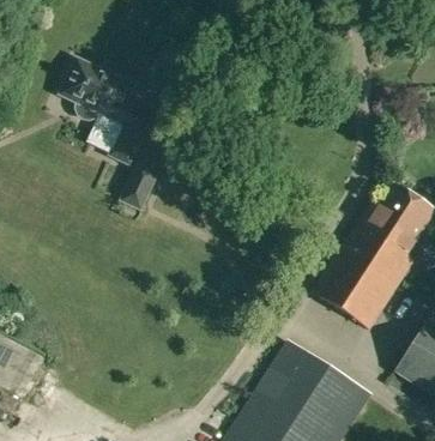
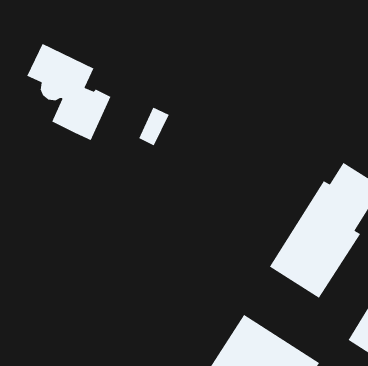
building: [123,163,157,205] -> [138,106,170,146]

